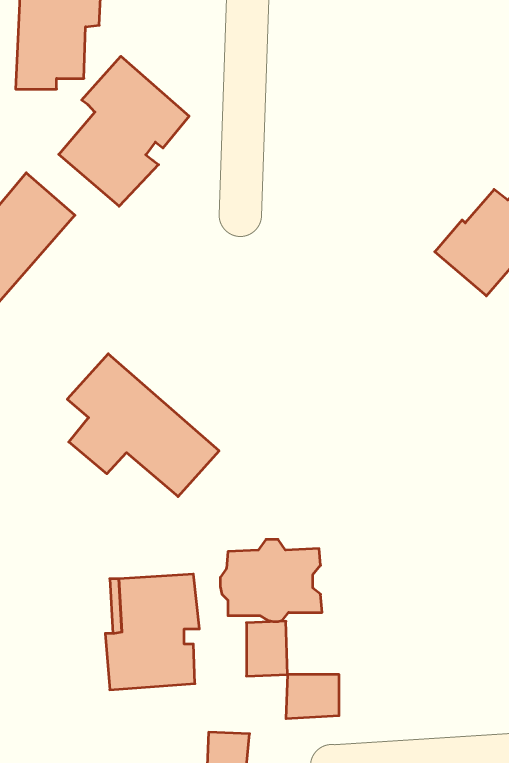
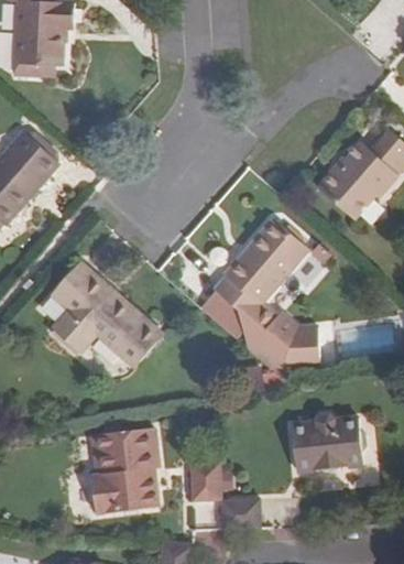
building: [59,56,189,206] -> none
building: none -> [200,220,321,371]
building: [220,539,322,622] -> [284,415,358,475]

